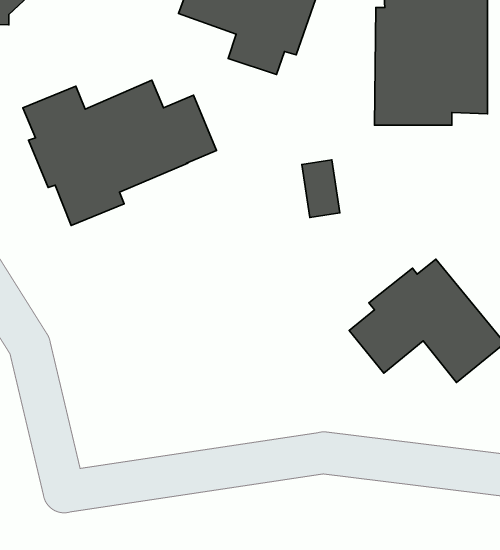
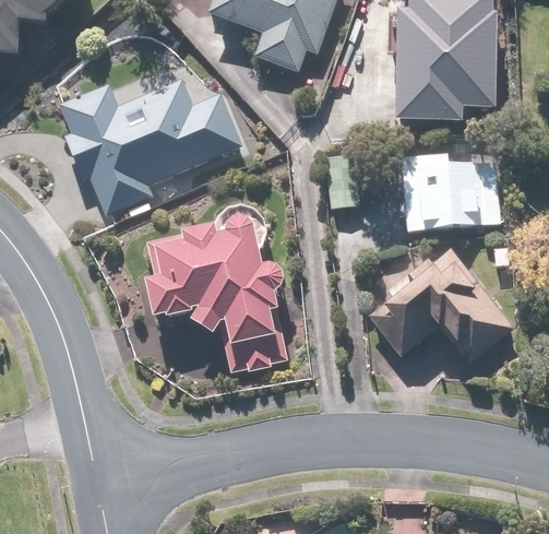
building: none -> [398,151,501,232]
building: none -> [143,216,289,371]

